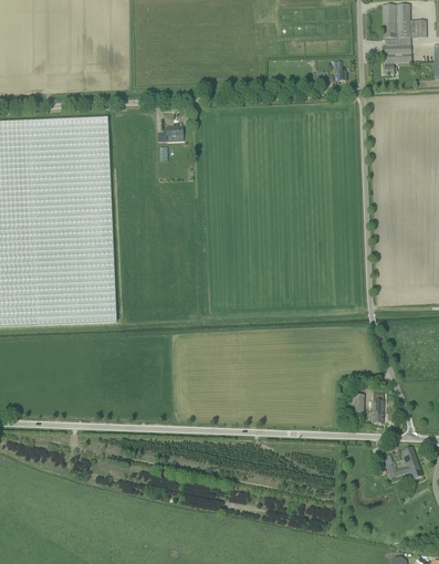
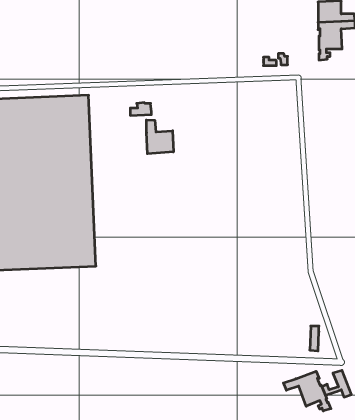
building: none -> [146,120,173,154]
building: none -> [283,371,331,411]

